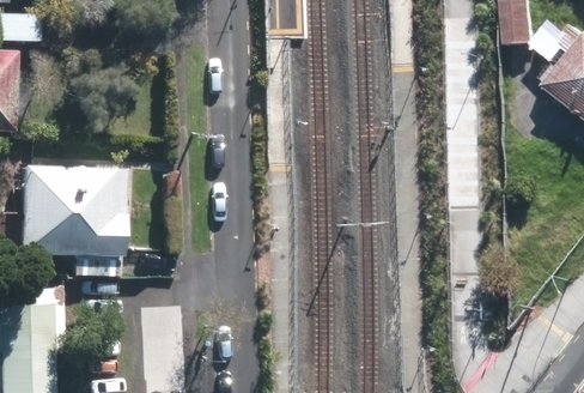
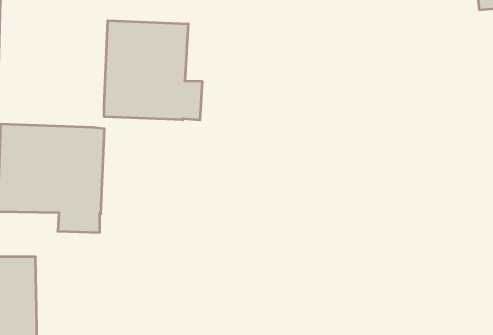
building: none -> [104,21,202,120]

